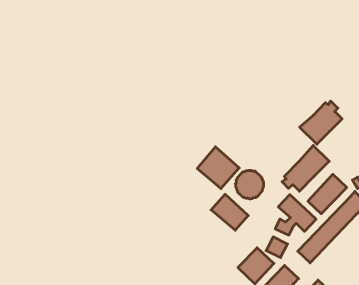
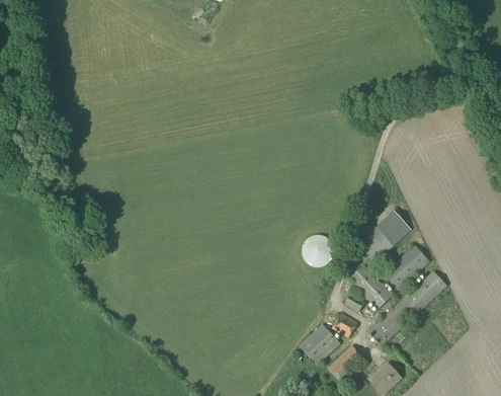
building: [300,101,342,144] -> none
building: [197,147,239,189] -> none
building: [211,194,248,230] -> none

